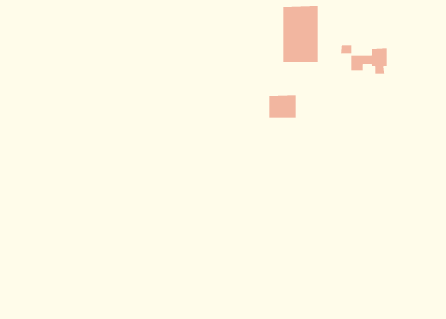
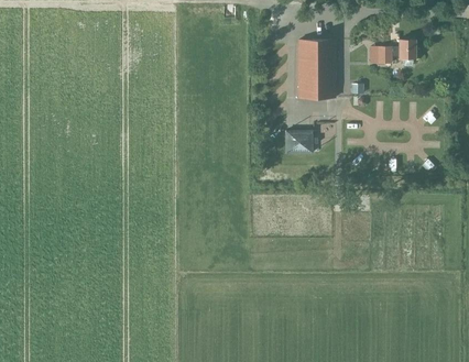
building: [350,47,387,75] -> [378,39,415,66]

